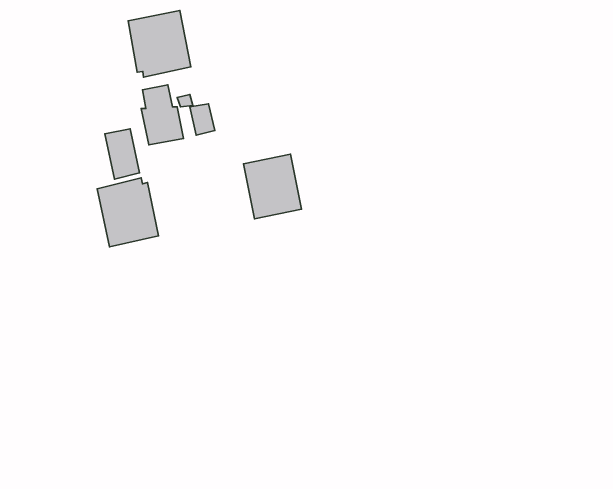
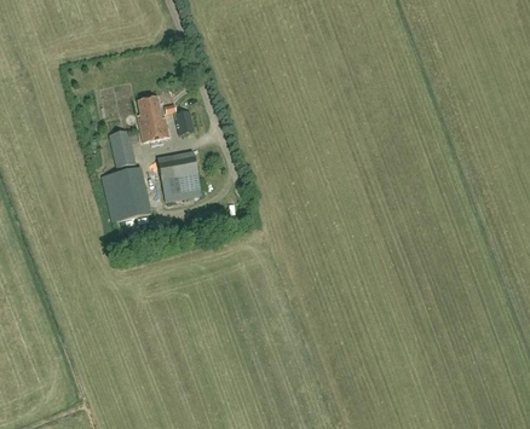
building: [128,11,191,77] -> none
building: [243,154,302,219] -> [157,151,202,201]

